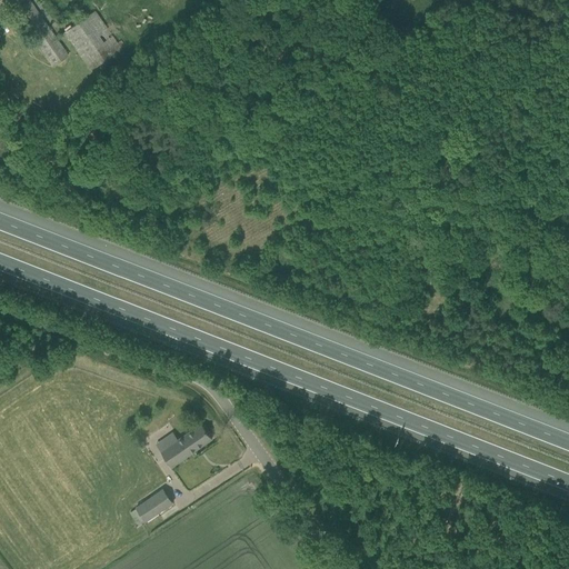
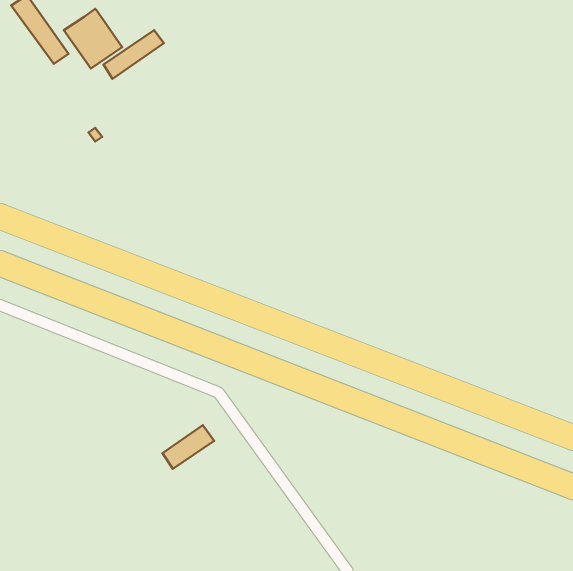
building: none -> [104,30,164,79]
building: [130,487,173,523] -> none

